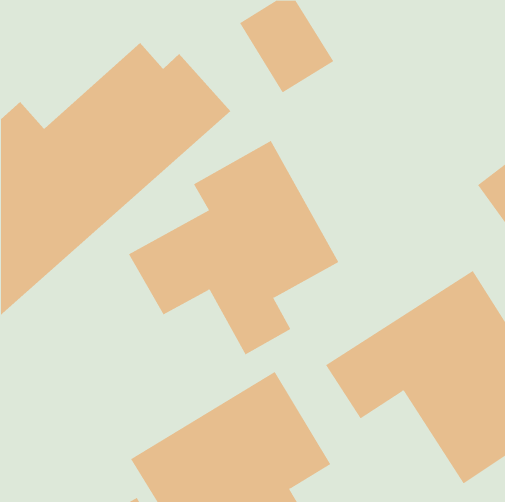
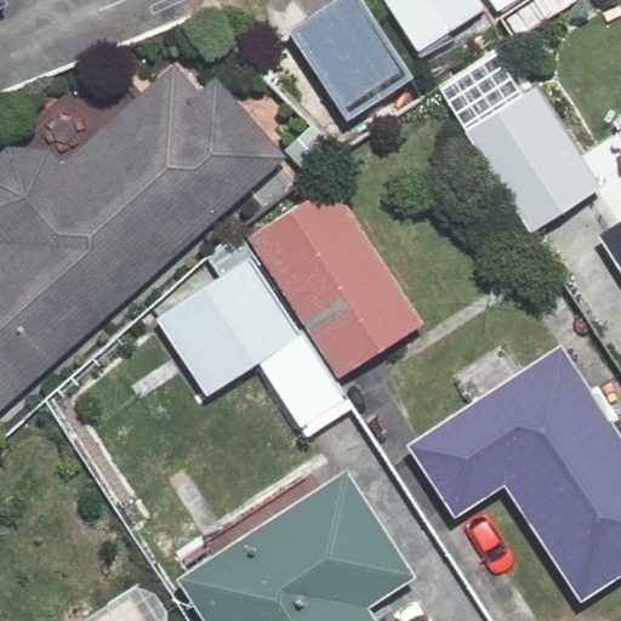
building: none -> [443,81,603,226]

